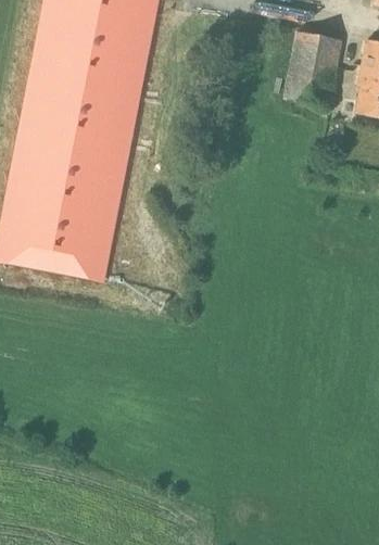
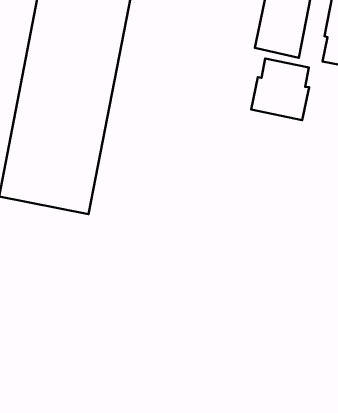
building: none -> [251,58,309,120]

